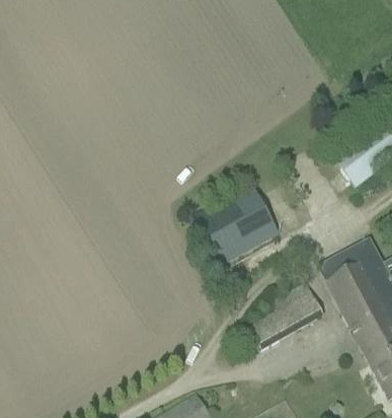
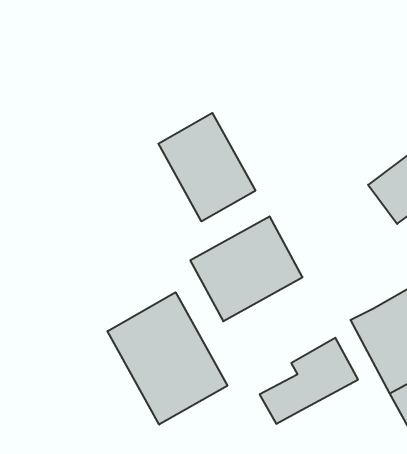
building: none -> [158,113,255,221]
building: none -> [107,292,227,425]

